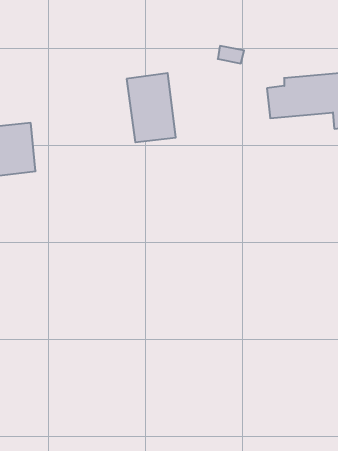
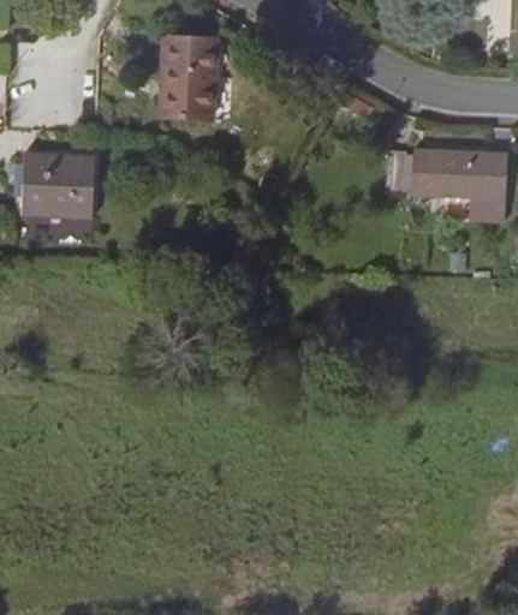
building: [127,73,176,142] -> [162,37,214,118]

